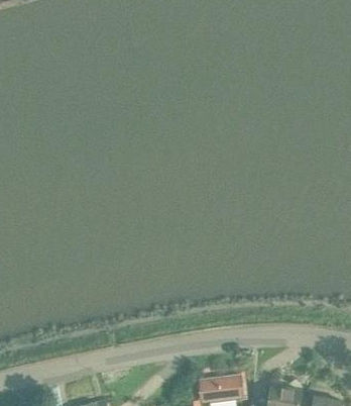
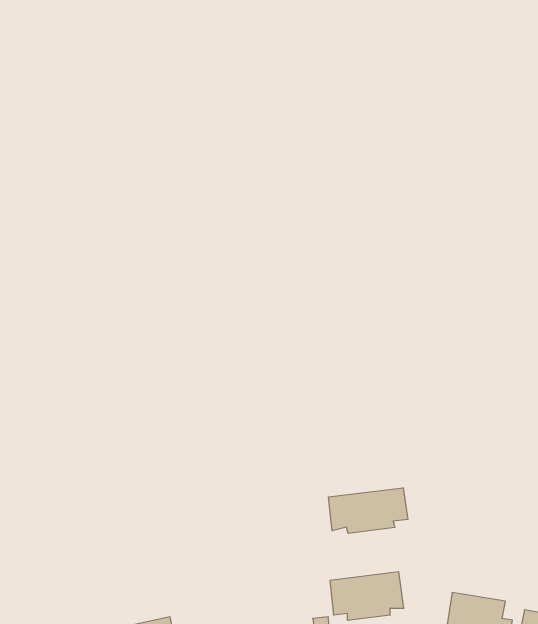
building: none -> [329,488,408,533]

